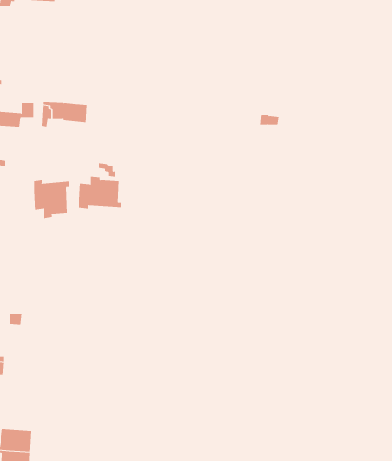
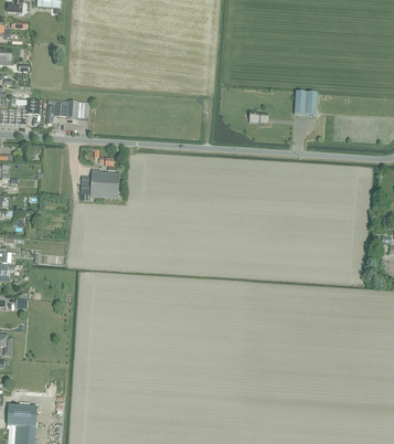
building: none -> [295,91,318,115]
building: [34,179,69,219] -> none

